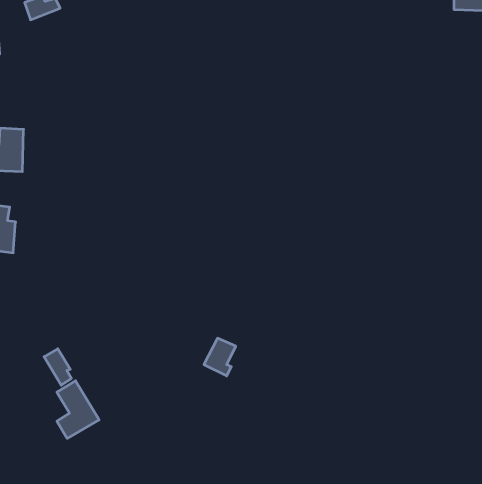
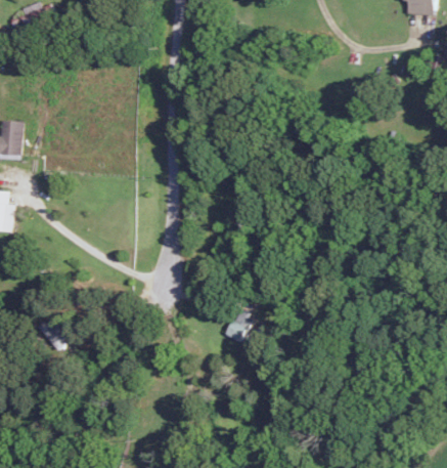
building: [204,338,236,376] -> [226,309,255,343]
building: [57,381,99,438] -> none

